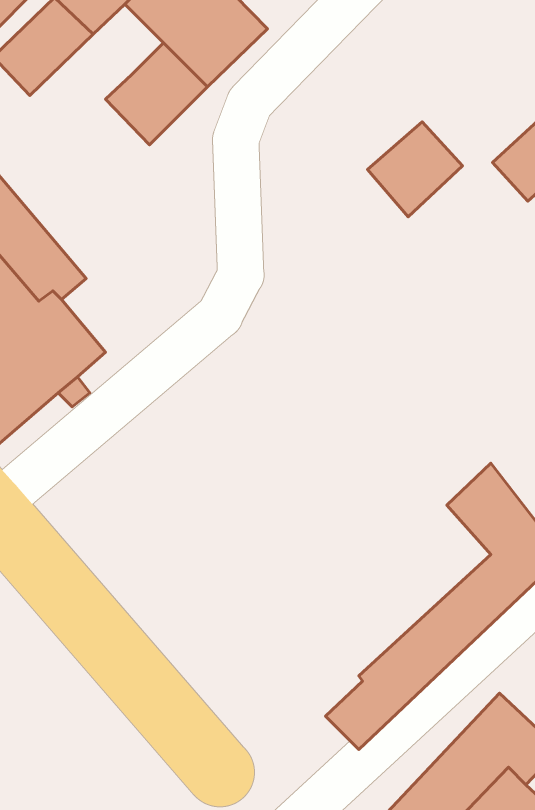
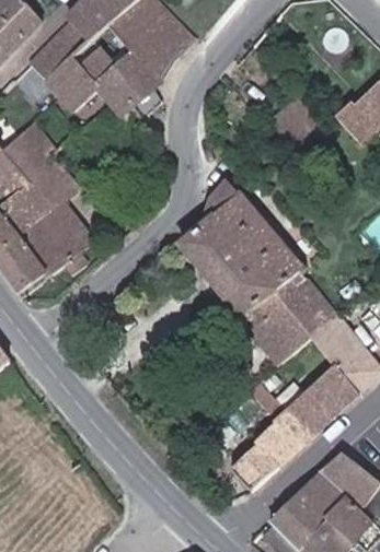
building: none -> [47,42,111,104]
building: none -> [182,177,334,355]

